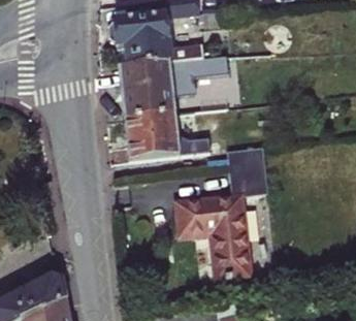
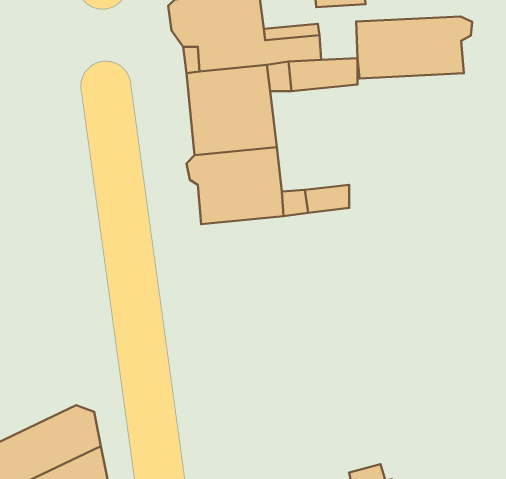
building: none -> [356,16,472,78]
building: [176,147,267,279] -> none

